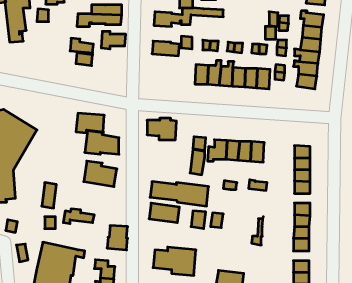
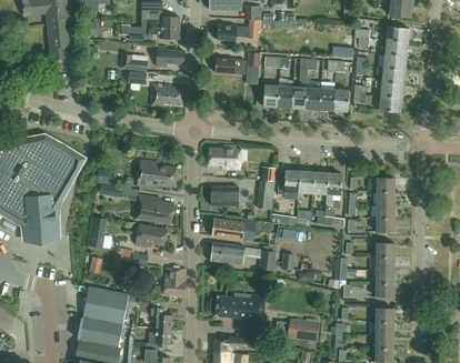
building: [76,113,104,133] -> [149,84,181,107]
building: none -> [210,186,238,205]
building: none -> [134,224,166,246]

